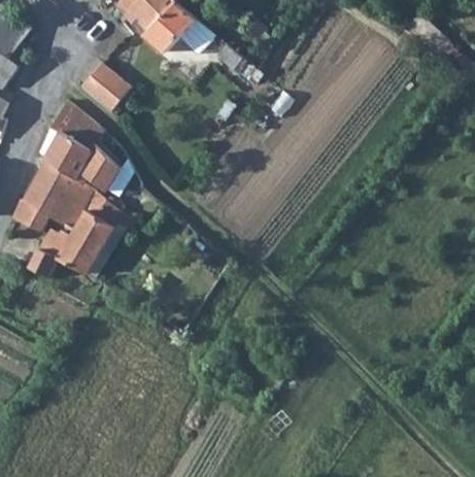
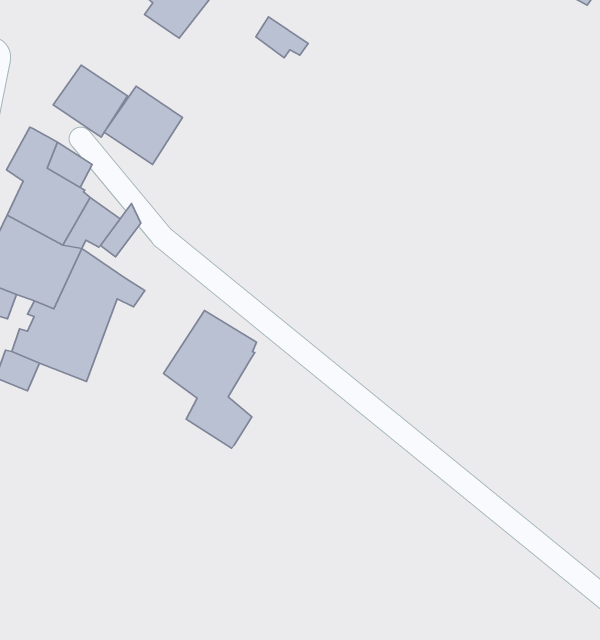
building: none -> [104,86,182,164]
building: none -> [164,310,256,448]

